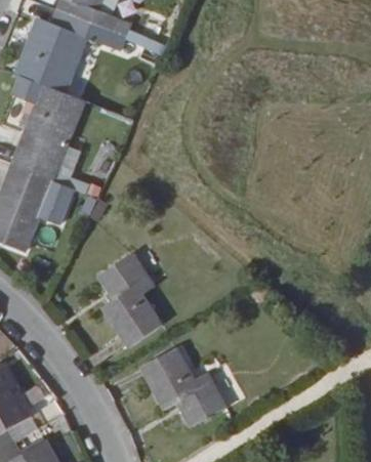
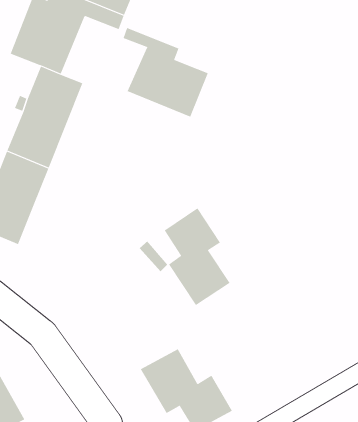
building: none -> [123,27,209,117]
building: [39,179,75,223] -> none
building: [96,254,159,346] -> [164,208,231,306]

